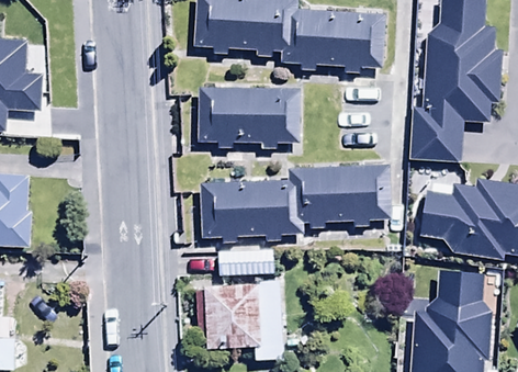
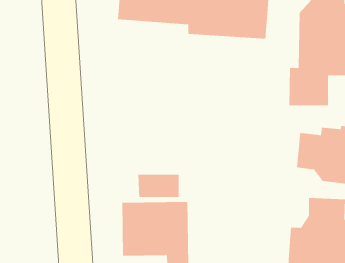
building: [195,87,301,142] -> none
building: [198,166,394,237] -> none

